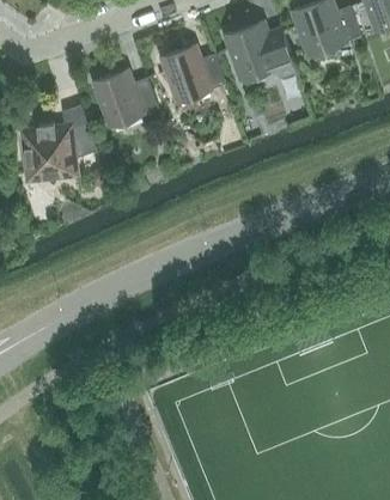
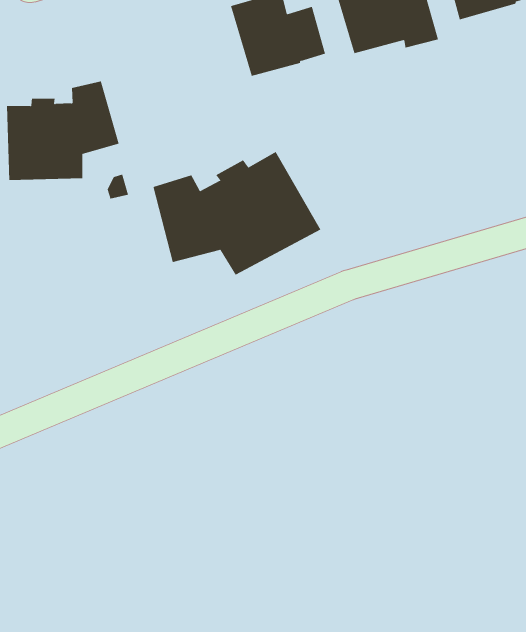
building: [95,69,158,127] -> none
building: none -> [153,151,321,275]

